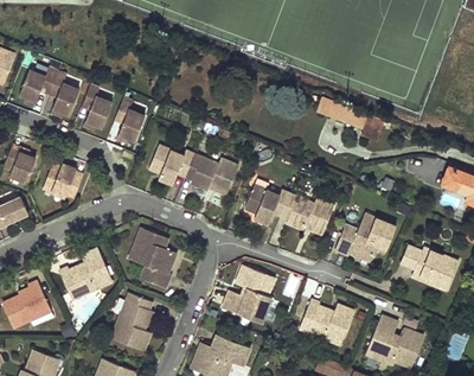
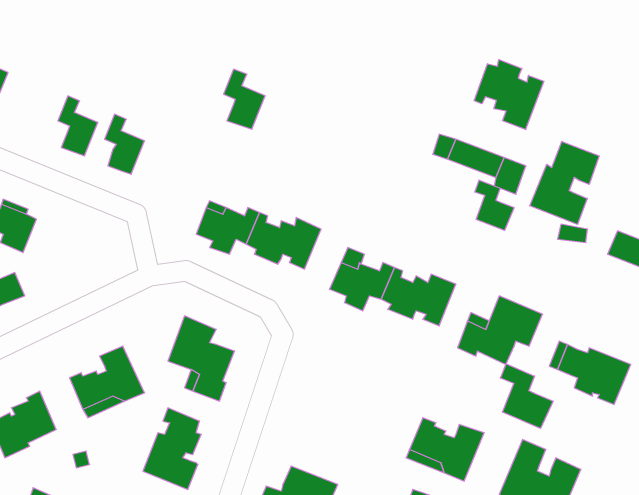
building: none -> [474,60,544,130]
building: [20,68,58,101] -> none
building: [116,97,146,140] -> [224,69,265,129]
building: none -> [530,141,599,224]
building: none -> [475,180,514,230]
building: [45,164,83,197] -> none
building: none -> [500,364,553,428]
building: [223,265,275,323] -> none

